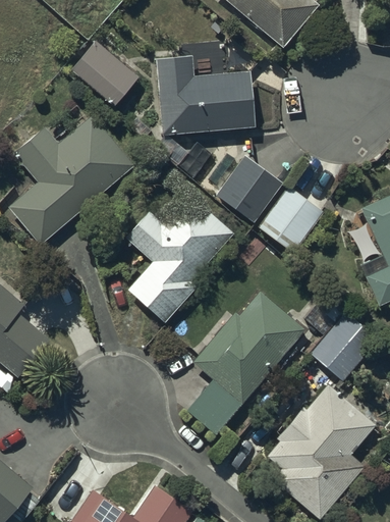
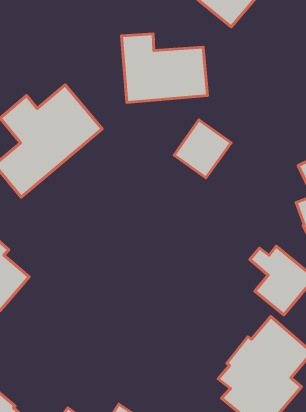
building: [70,40,140,105] -> none
building: [263,186,324,247] -> none
building: [127,193,232,321] -> none
building: [186,293,304,434] -> none

